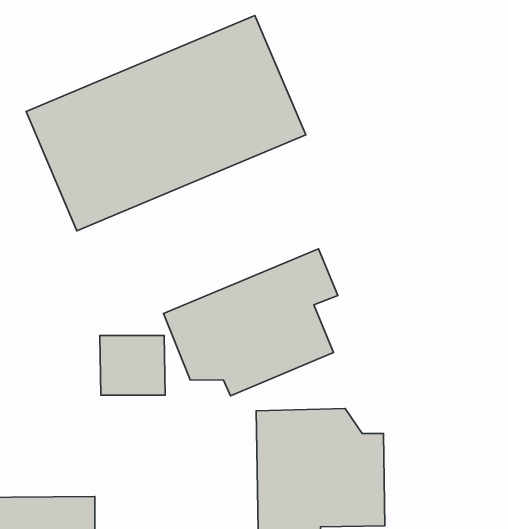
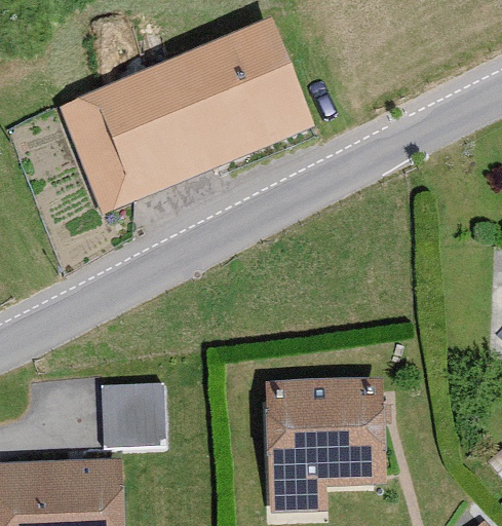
building: [164,249,338,396] -> none
building: [100,336,165,395] -> [101,381,160,436]

